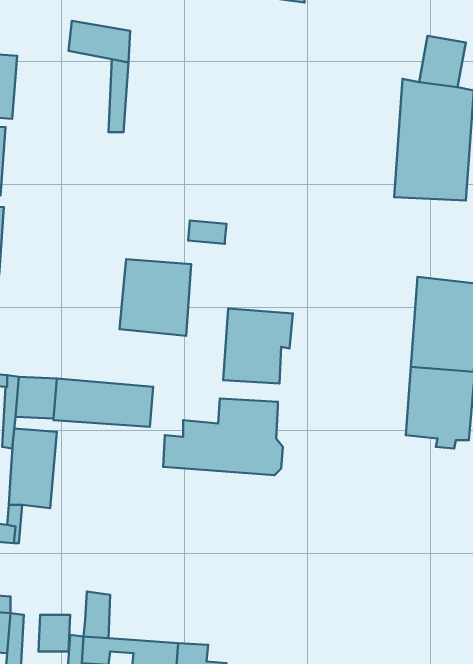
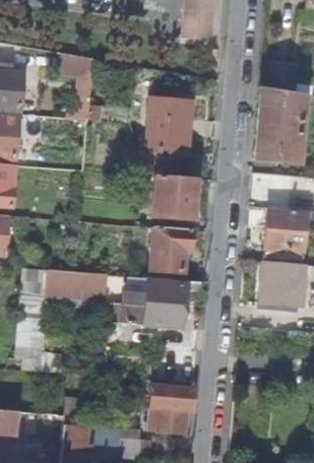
building: none -> [147,98,194,154]
building: [120,259,191,336] -> [151,176,195,222]
building: none -> [152,387,194,436]

